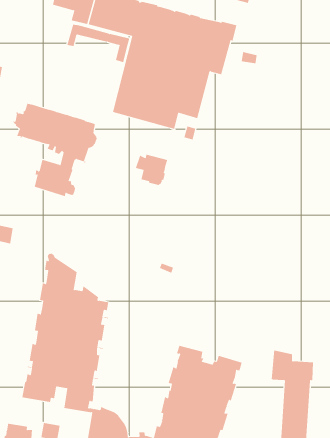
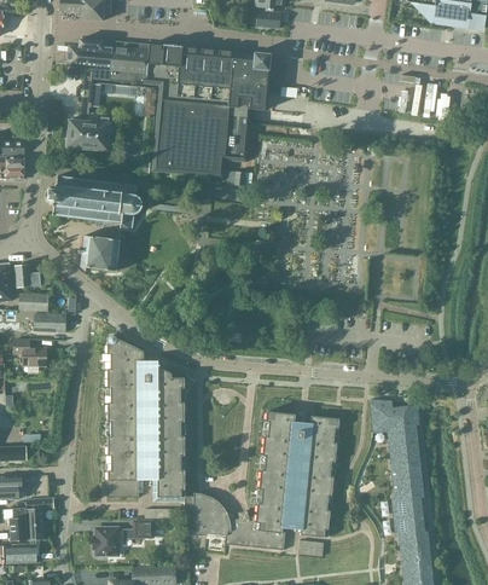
building: none -> [68,105,115,151]
building: [135,154,168,186] -> none

